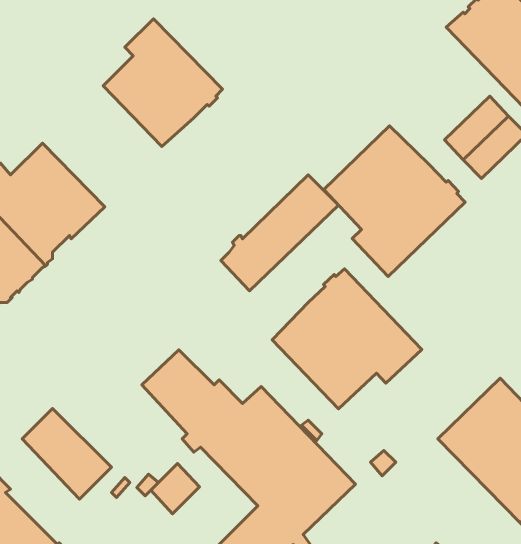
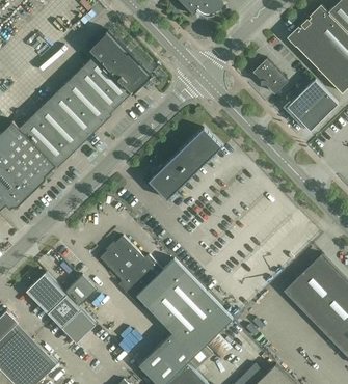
building: none -> [253,59,289,94]
building: none -> [39,74,113,148]
building: [324,126,465,276] -> none
building: [272,269,422,409] -> none
building: [151,463,200,514] -> [66,275,97,306]

